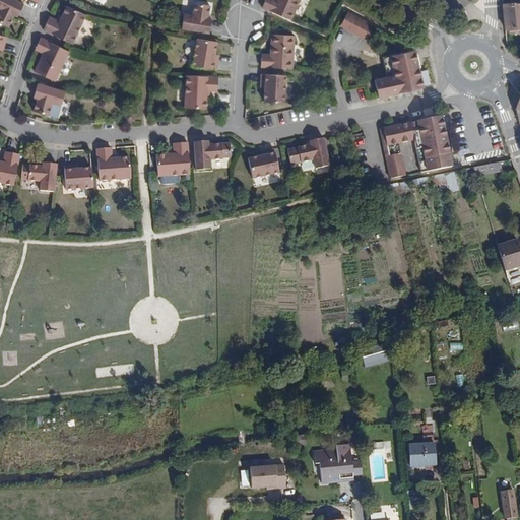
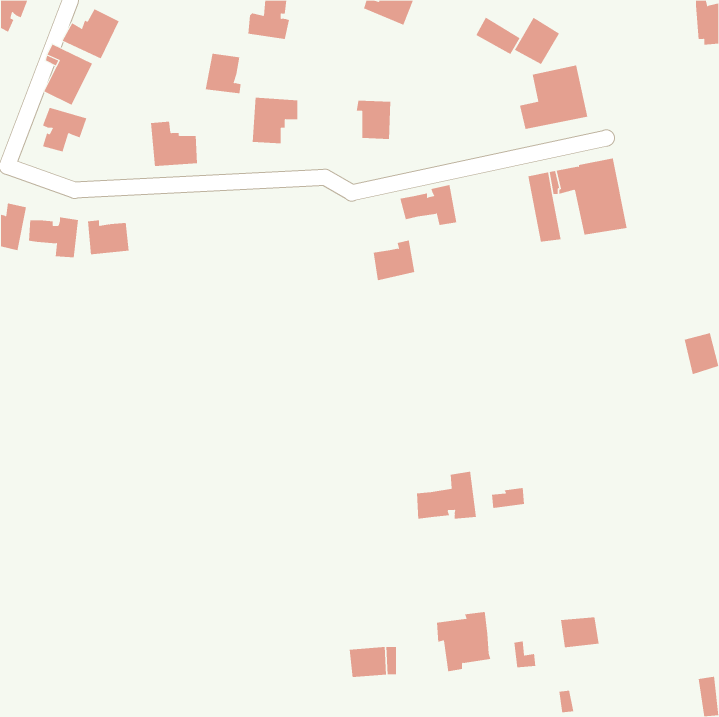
building: none -> [514,17,560,65]
building: [257,34,289,67] -> none
building: [193,41,219,70] -> [205,53,241,94]
building: [155,139,190,174] -> none
building: [195,142,233,172] -> none
building: [96,144,131,177] -> [150,121,198,166]
building: [248,145,278,175] -> [373,240,415,281]
building: none -> [416,471,477,520]

